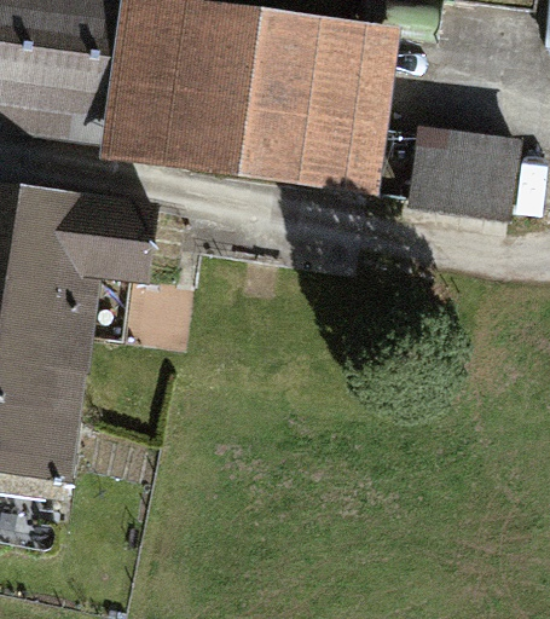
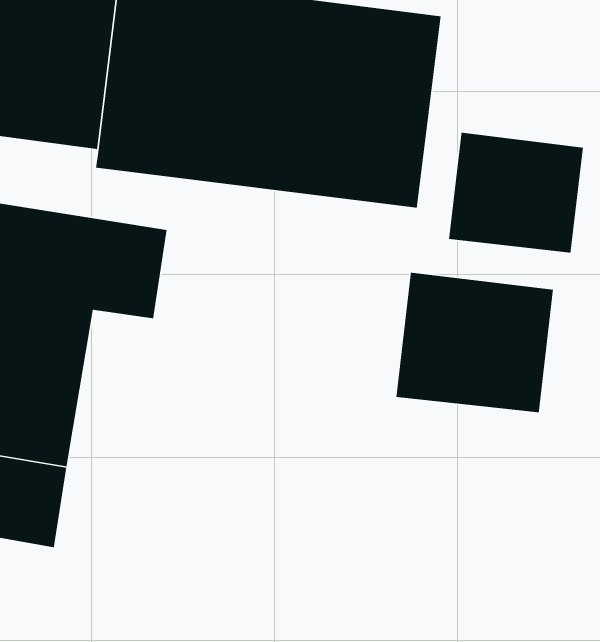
building: none -> [396,272,554,413]

